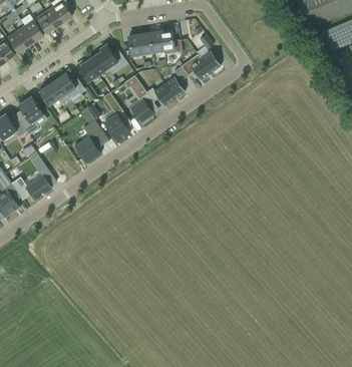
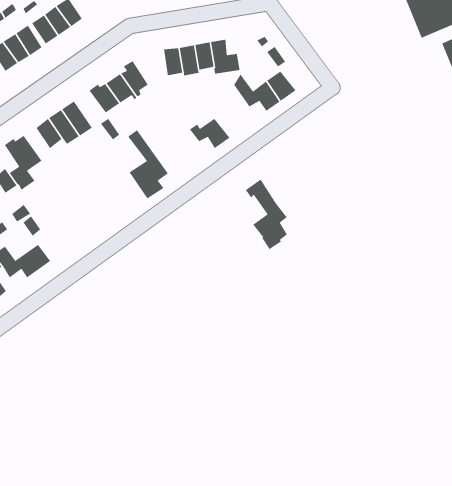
building: [164,61,189,98] -> none
building: [124,75,154,125] -> [245,178,288,250]
building: [74,119,109,163] -> none

